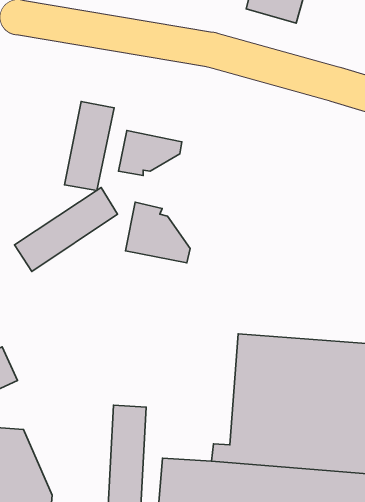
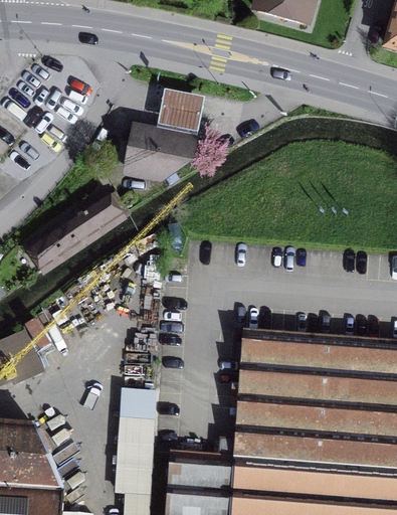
building: none -> [156,91,203,134]
building: [64,101,114,190] -> none
building: [125,202,190,263] -> none

